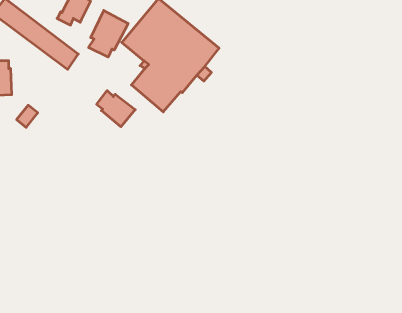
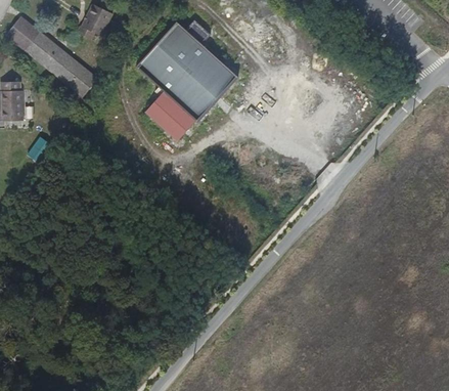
building: [89,10,128,57] -> none
building: [97,91,135,127] -> none

